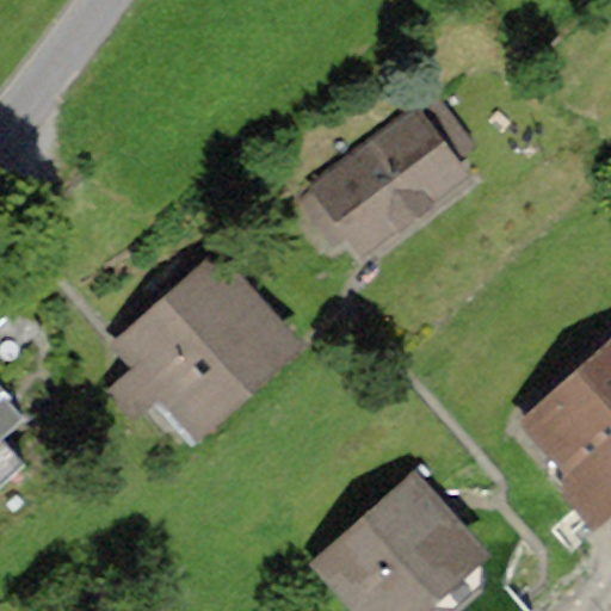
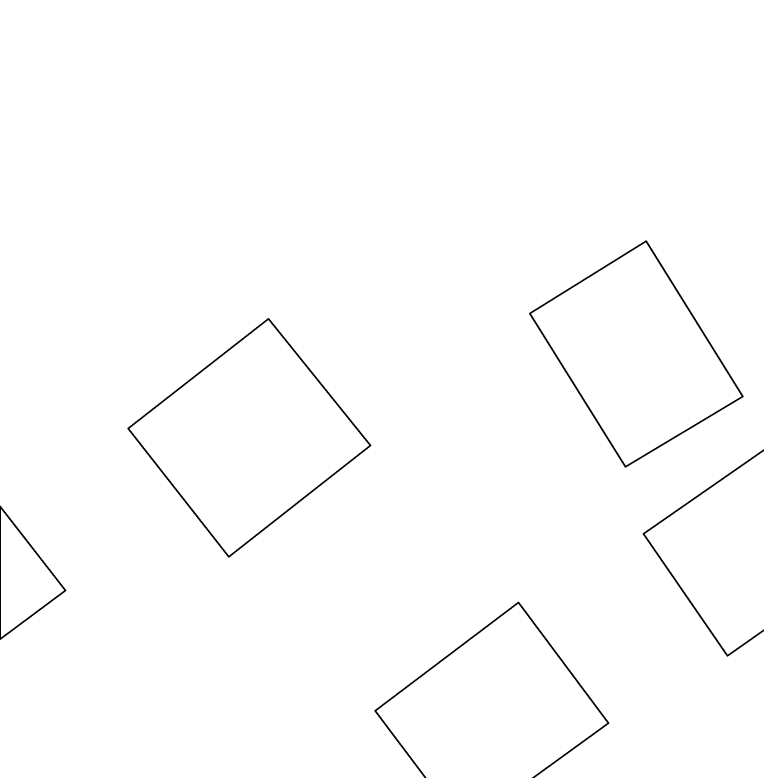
building: [309,113,469,255] -> none
building: none -> [530,241,743,467]

